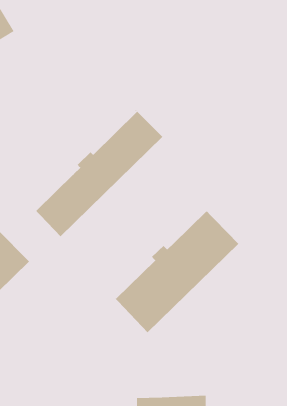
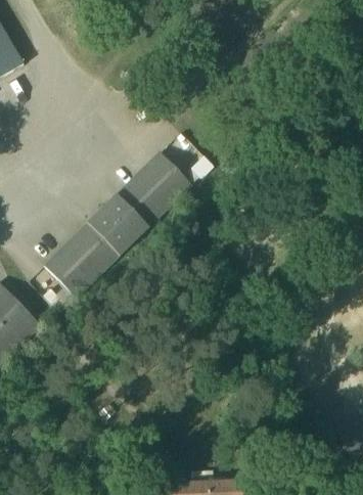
building: [112,207,239,333] -> none

